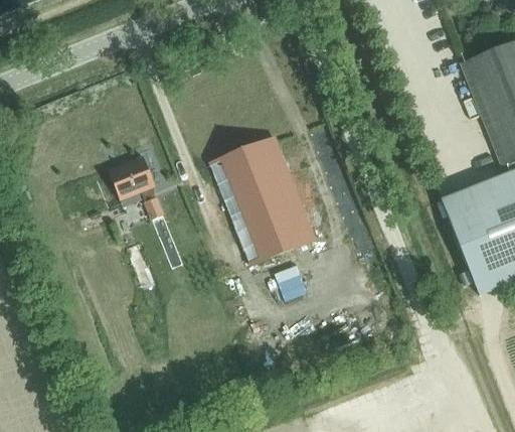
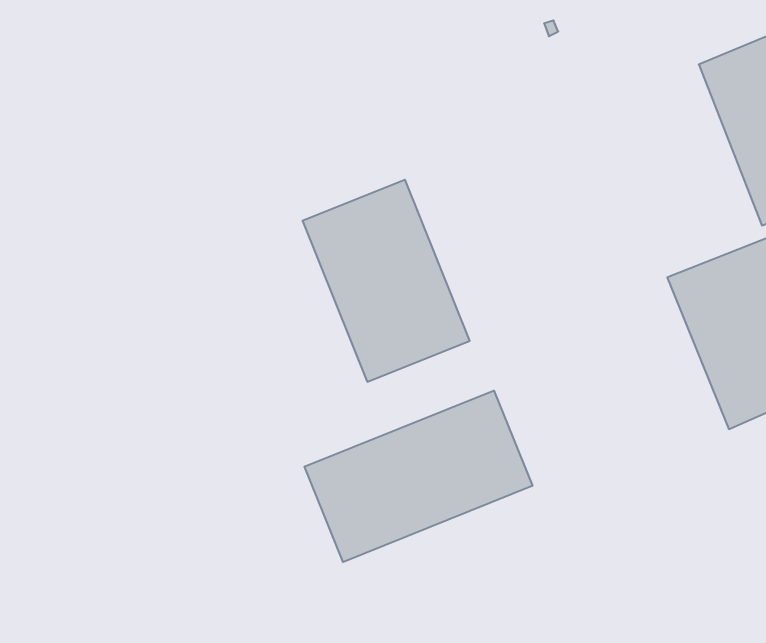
building: [109,155,162,217] -> none
building: none -> [304,391,532,562]

